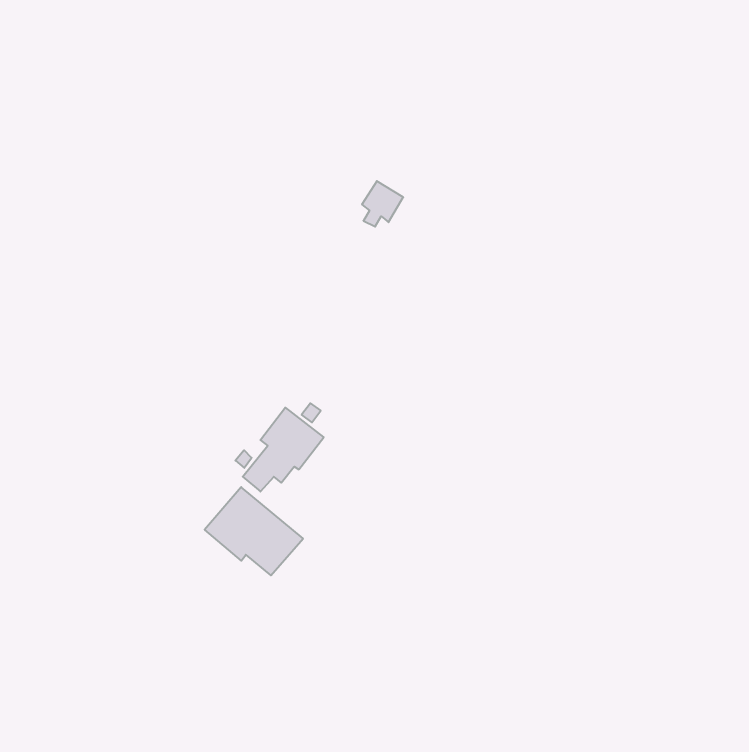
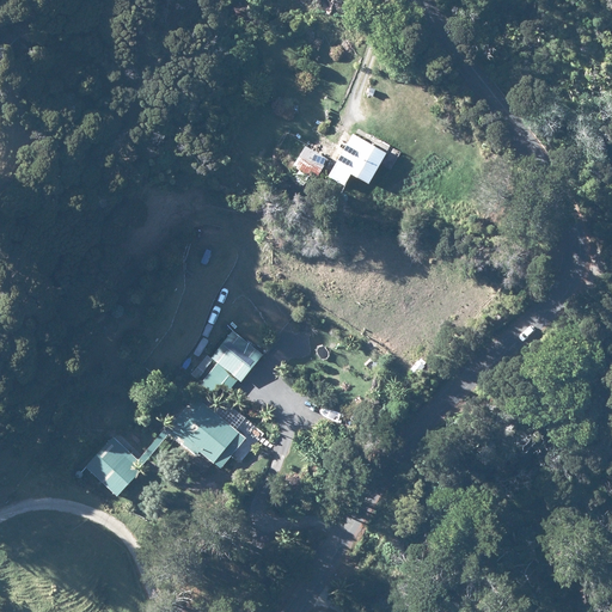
building: none -> [330,134,386,184]
building: none -> [85,436,141,496]

